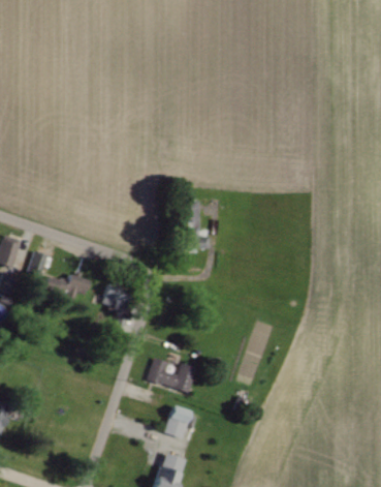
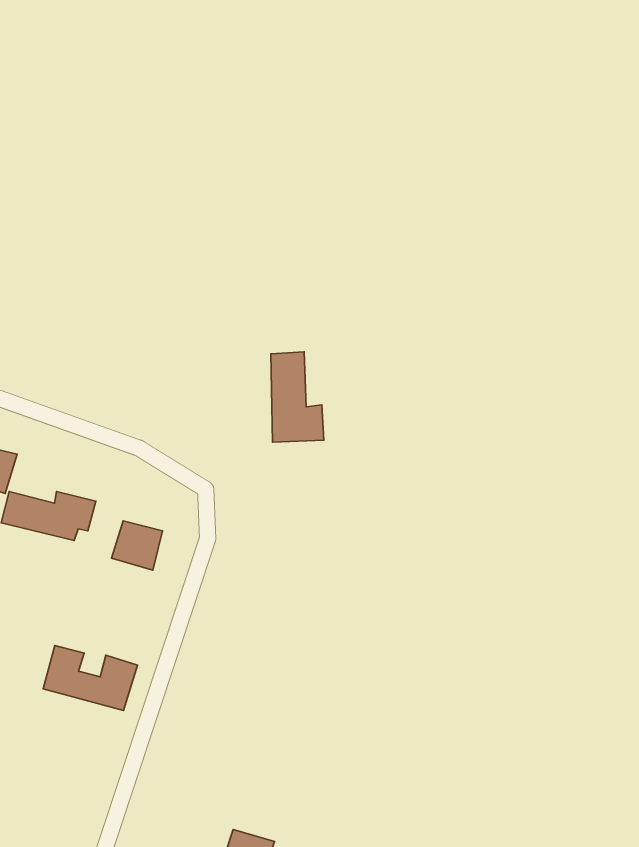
building: [149,358,198,392] -> [43,645,137,710]
building: [166,405,191,436] -> none

